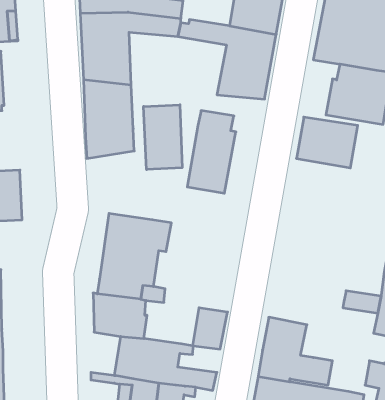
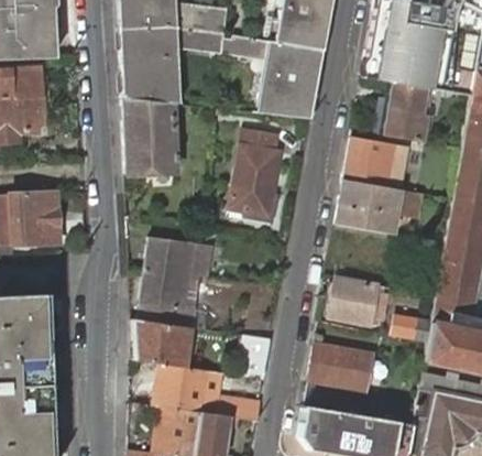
building: [144,105,182,170] -> none
building: none -> [338,180,402,234]
building: none -> [331,278,391,326]

